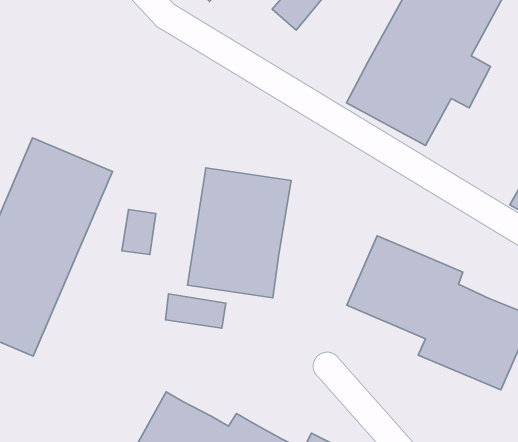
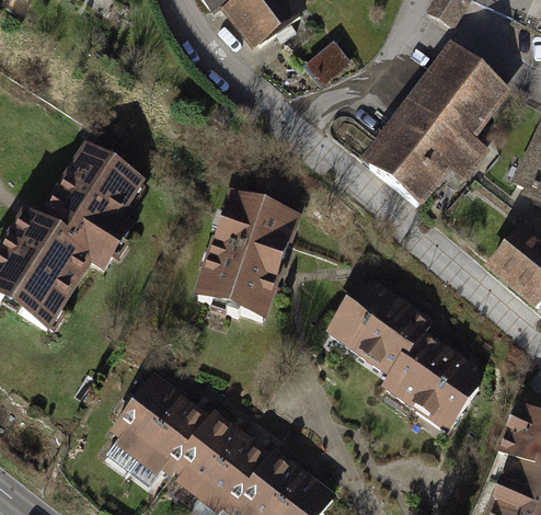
building: [122,209,156,254] -> none
building: [166,294,226,328] -> none

